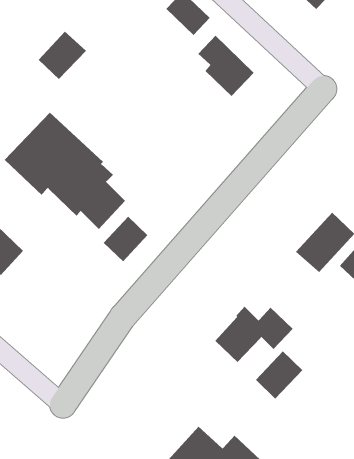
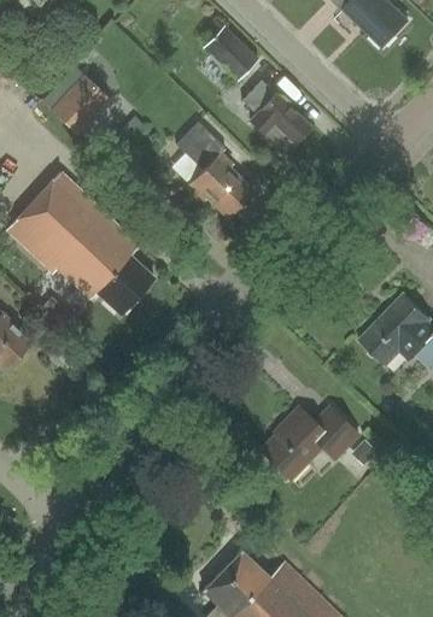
building: none -> [174,121,251,217]
building: [103,216,148,262] -> none
building: [255,351,303,399] -> none

